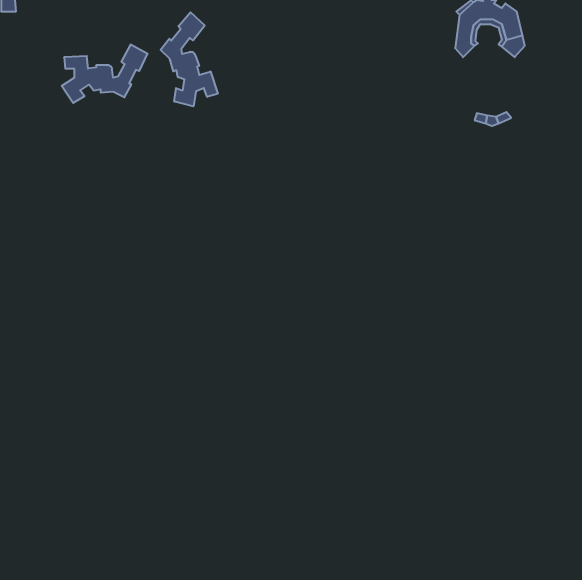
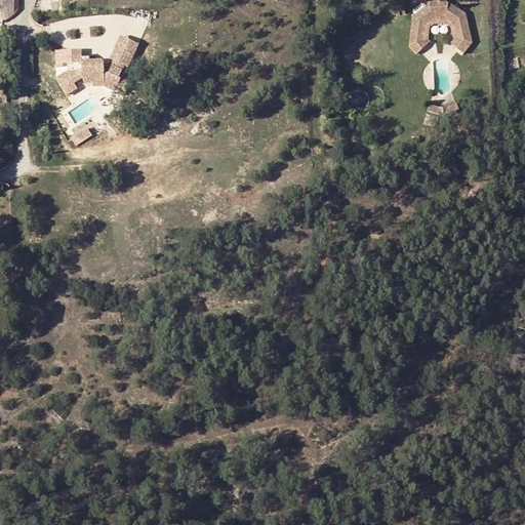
building: [161,12,218,106] -> none

